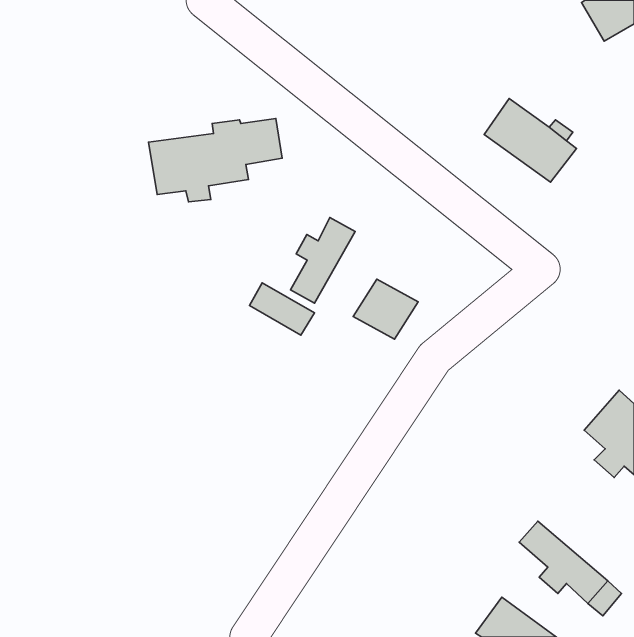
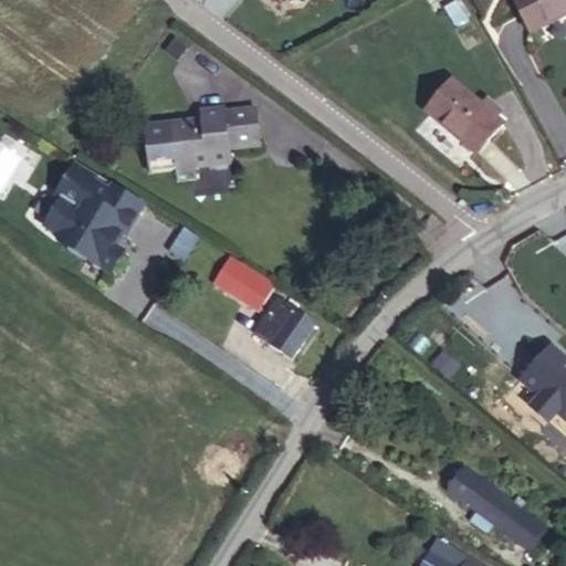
building: none -> [35,166,140,271]
building: [290,218,355,303] -> none
building: [353,279,418,339] -> [261,297,318,350]

